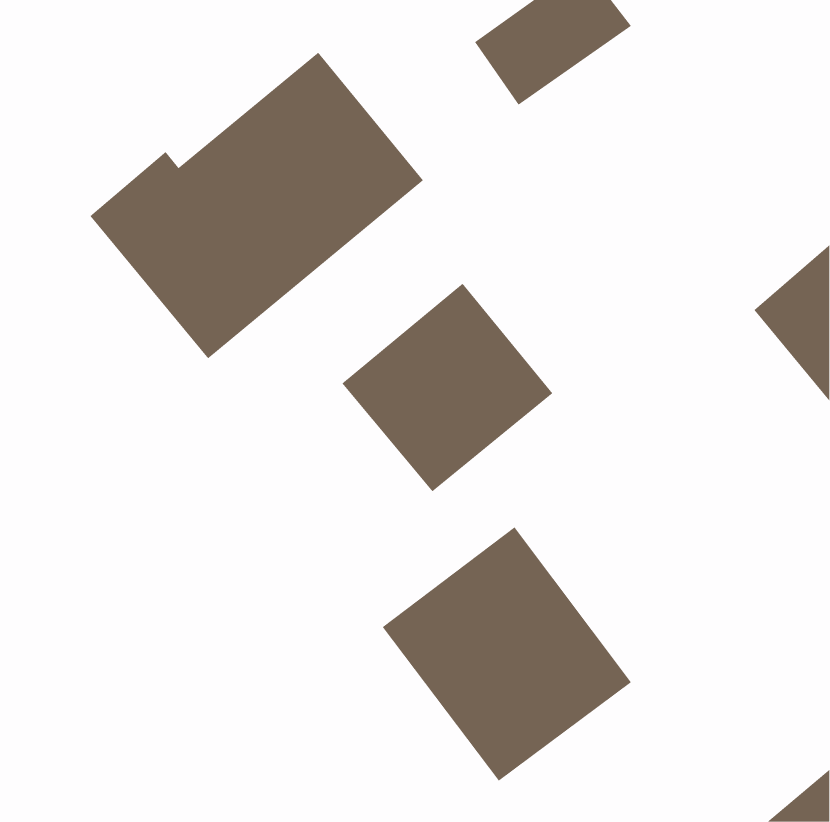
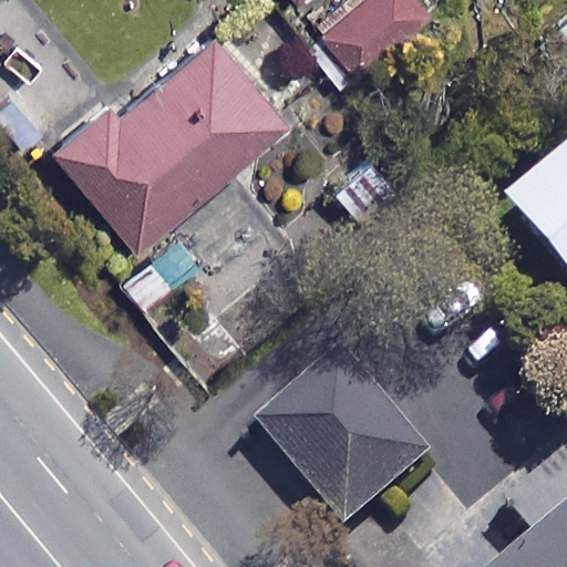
building: [341,283,553,492] -> none

